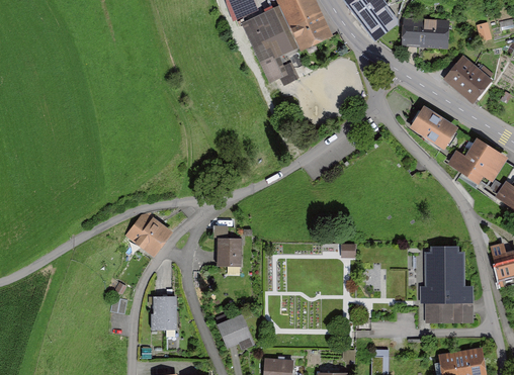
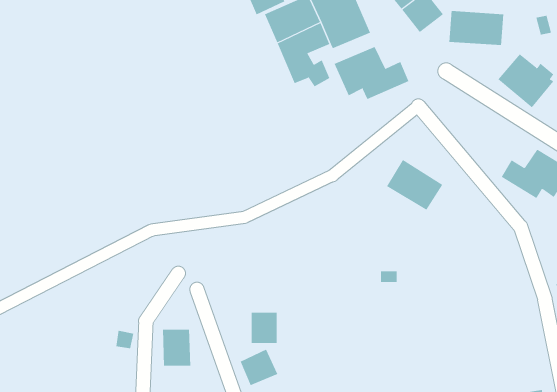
building: none -> [334,46,409,100]
building: [410,105,459,150] -> [386,159,443,210]
building: [125,211,172,256] -> none
building: [218,238,241,265] -> [251,312,277,343]
building: [423,251,475,320] -> none

